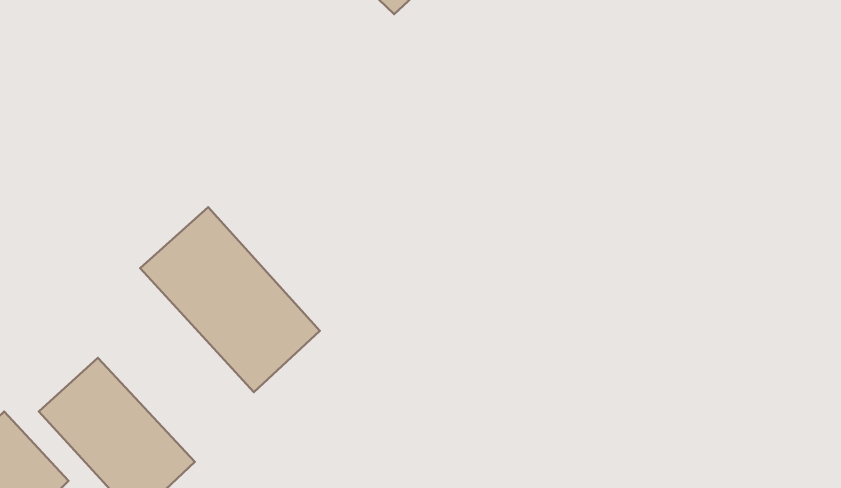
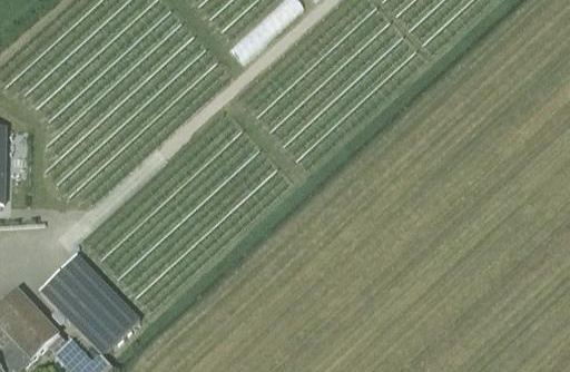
building: [140,207,320,392] -> none

